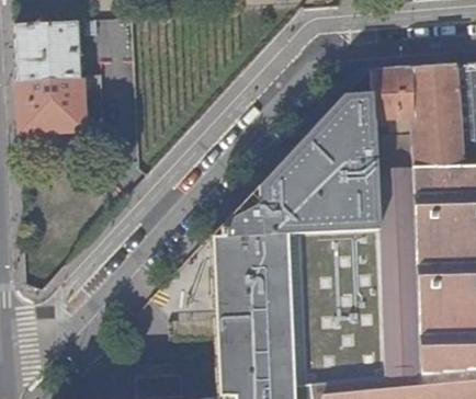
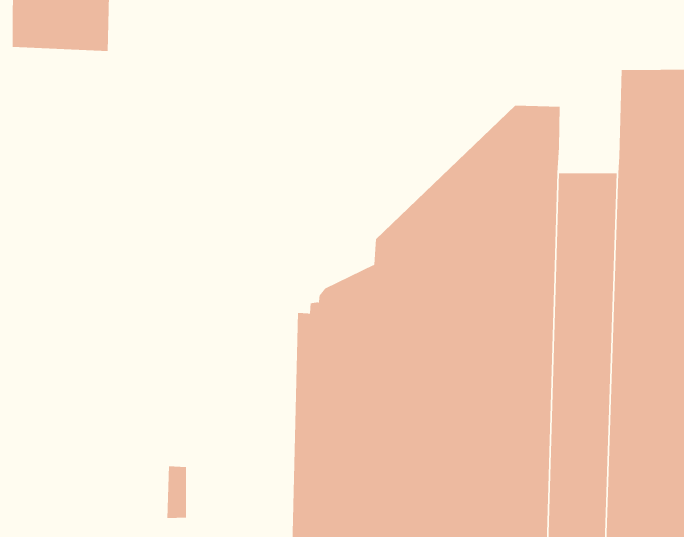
building: [373,69,413,133] -> none
building: [18,79,83,133] -> none

